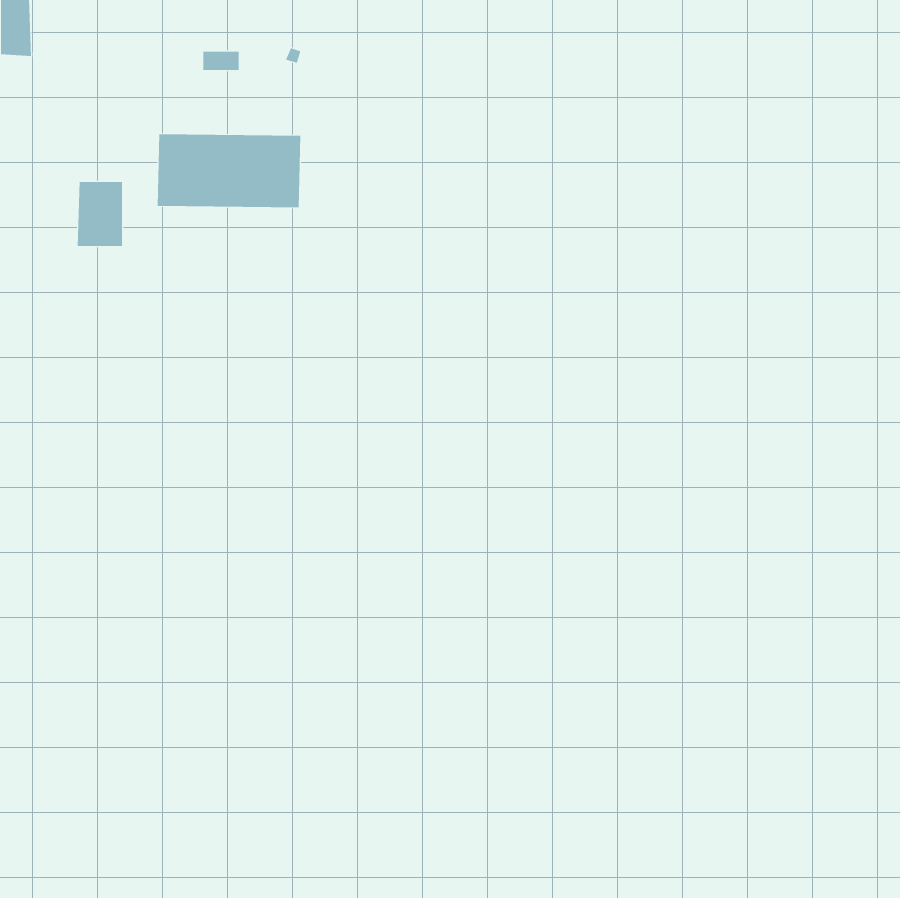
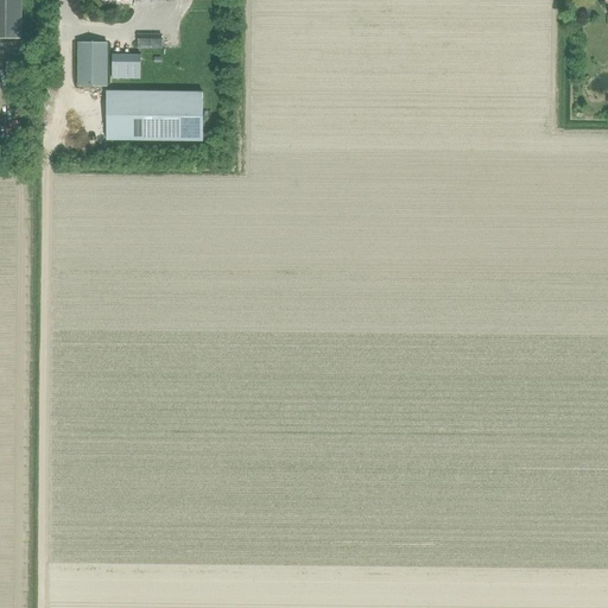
building: none -> [112,53,140,77]
building: [77,181,123,247] -> [76,42,107,86]

